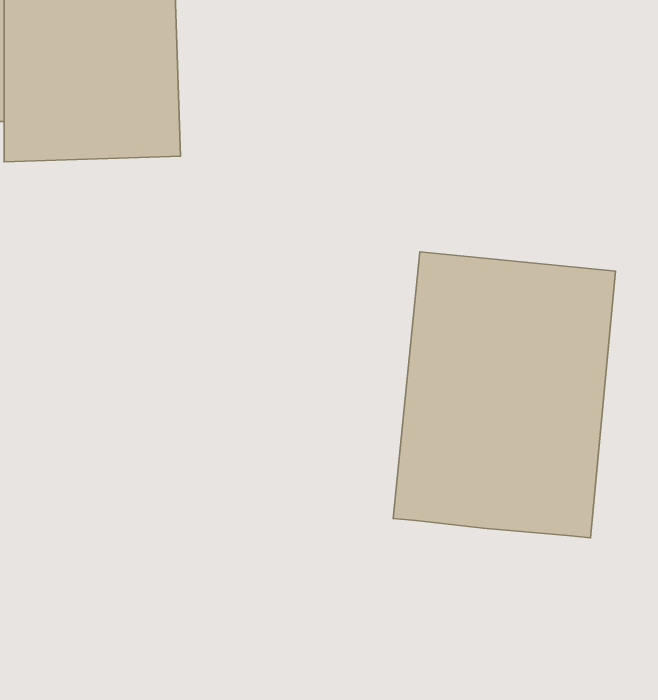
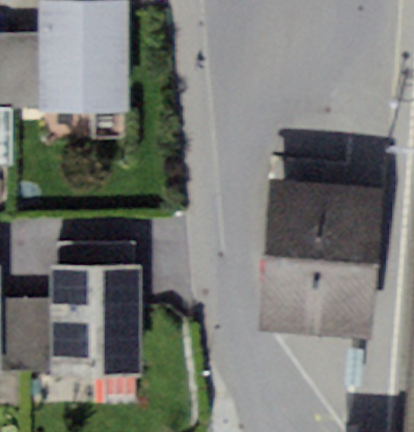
building: none -> [52,269,139,381]

